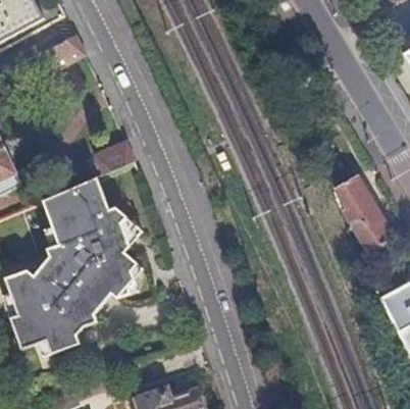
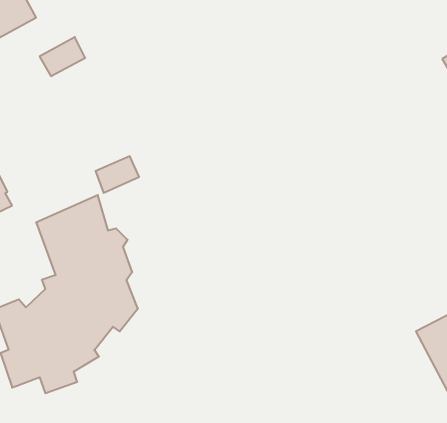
building: [337,173,396,253] -> none

